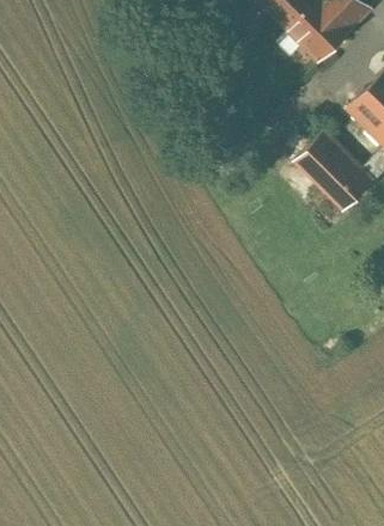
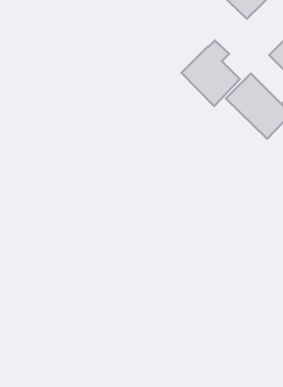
building: none -> [181,40,240,106]

